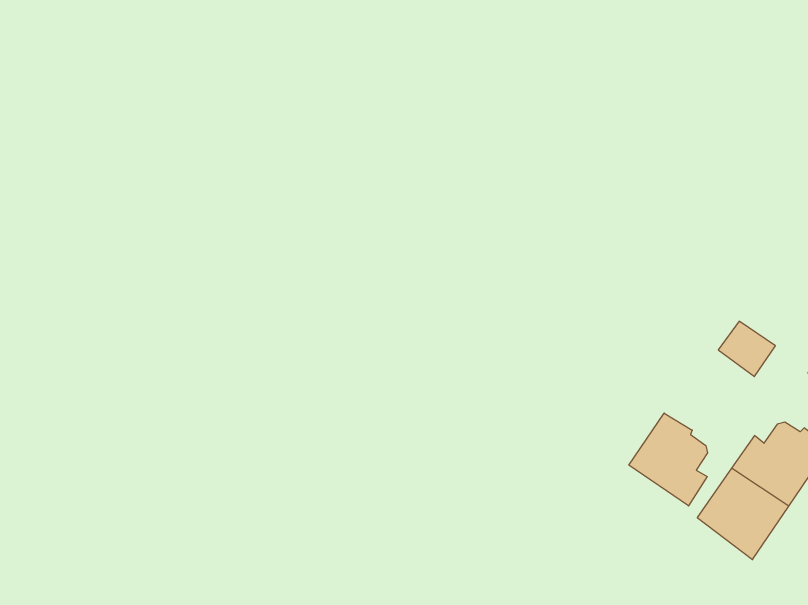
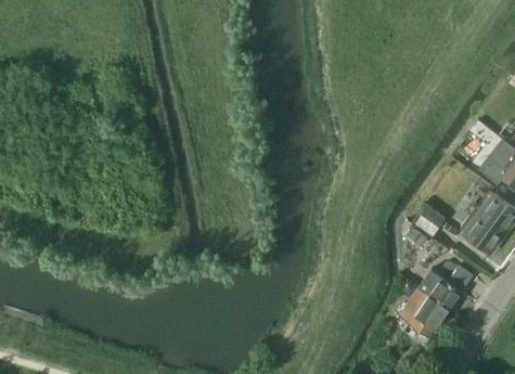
building: [629,413,707,506] -> none

